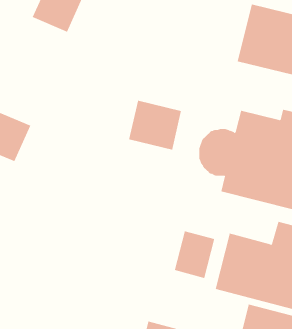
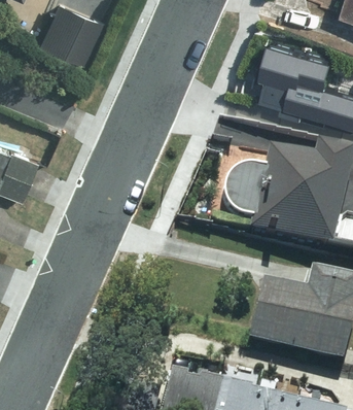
building: [129,100,182,151] -> none
building: [174,230,215,279] -> none

